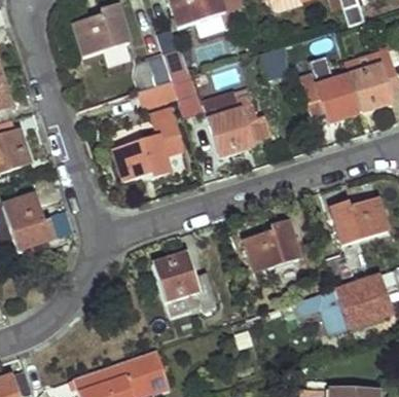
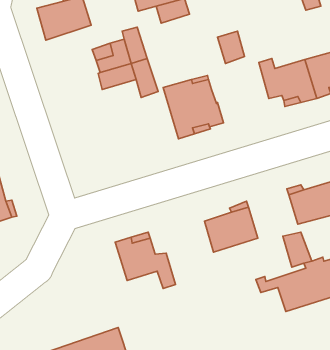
building: [112,108,183,181] -> none

